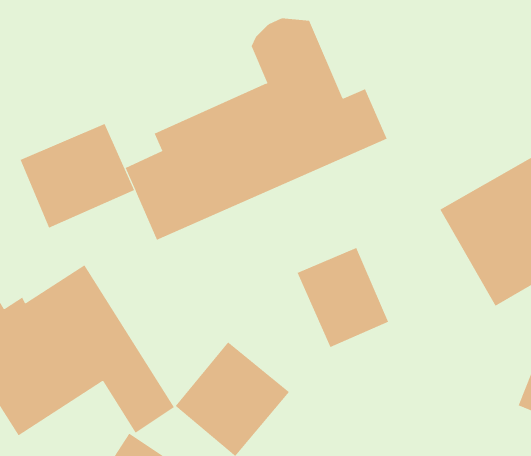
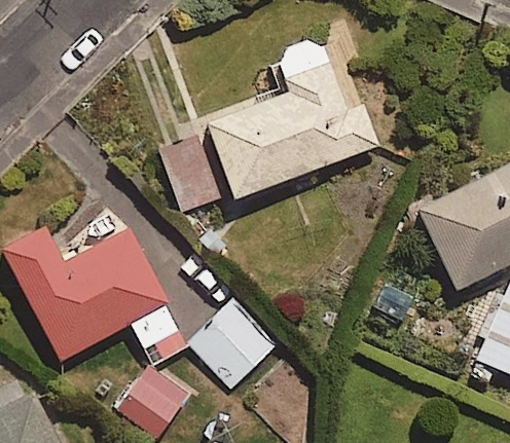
building: [20,123,135,228] -> none
building: [297,247,389,348] -> none

